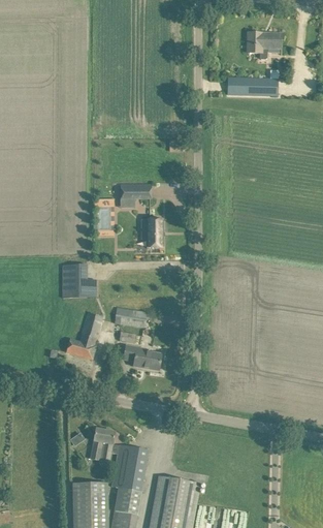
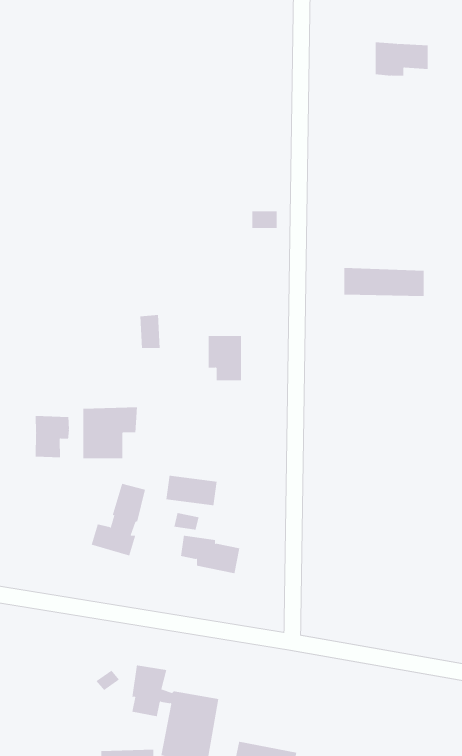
building: [227,76,279,95] -> [343,267,425,297]
building: [120,184,151,198] -> none
building: none -> [35,415,69,458]

